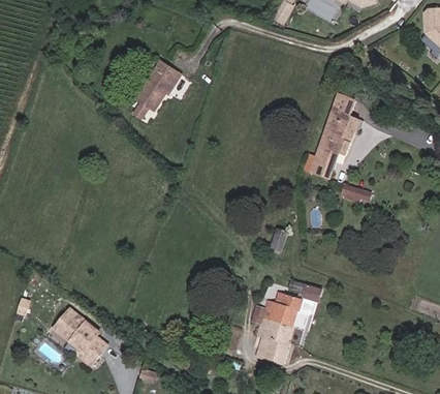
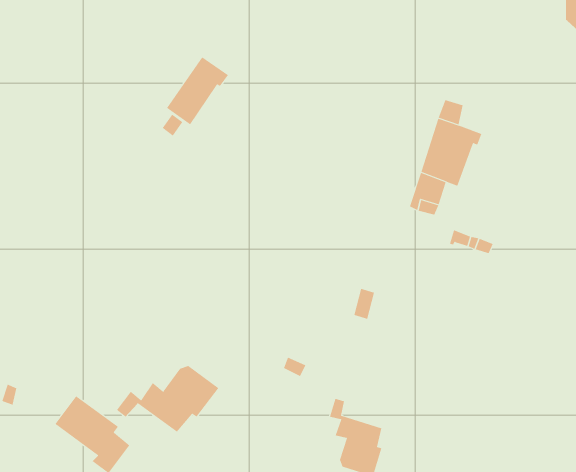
building: [262,278,321,329] -> none
building: none -> [116,365,219,432]

